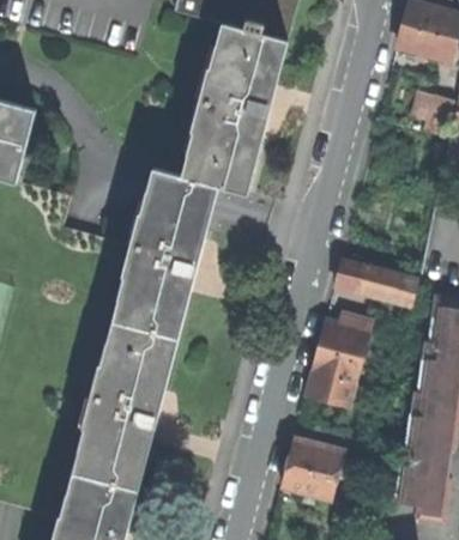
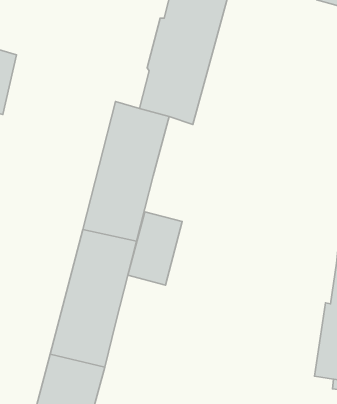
building: [334,259,416,303] -> none
building: [303,317,369,406] -> [128,212,182,285]
building: [282,423,348,497] -> none

